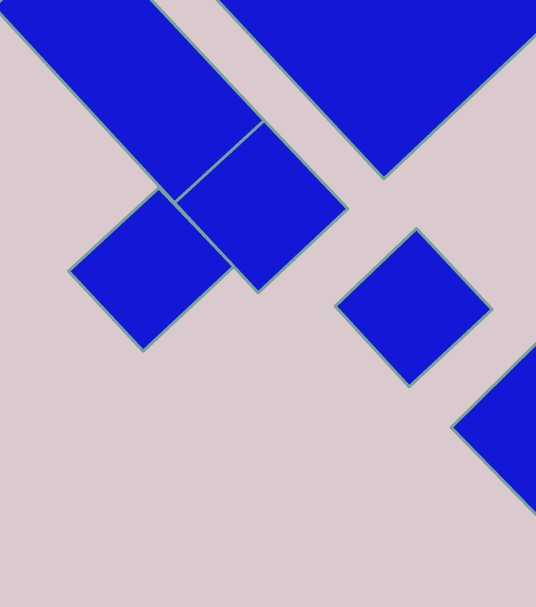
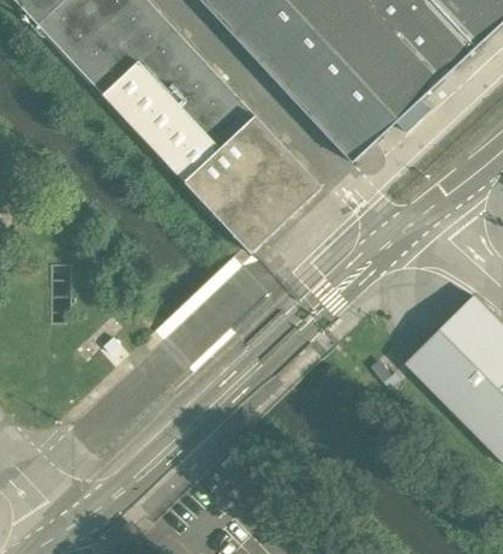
building: [69,188,234,351] -> none
building: [335,229,492,387] -> none

